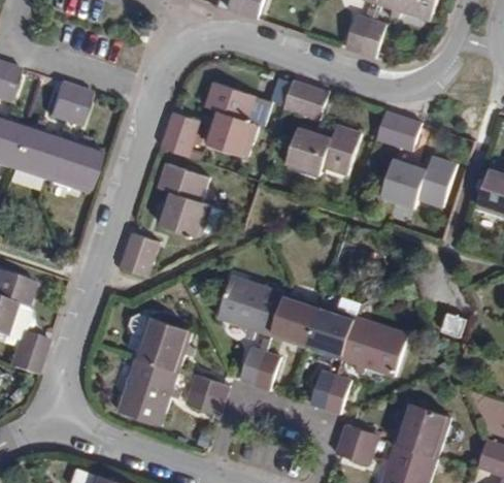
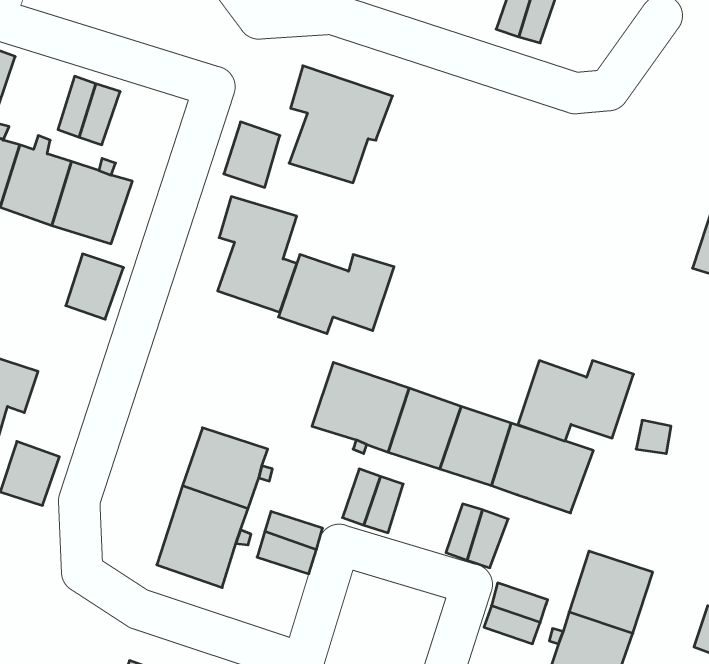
building: [283,77,327,117] -> none
building: [377,108,421,147] -> none
building: [285,123,364,176] -> [278,255,394,334]
building: [378,153,457,207] -> [518,361,634,441]
building: [120,234,159,279] -> [66,254,124,319]

